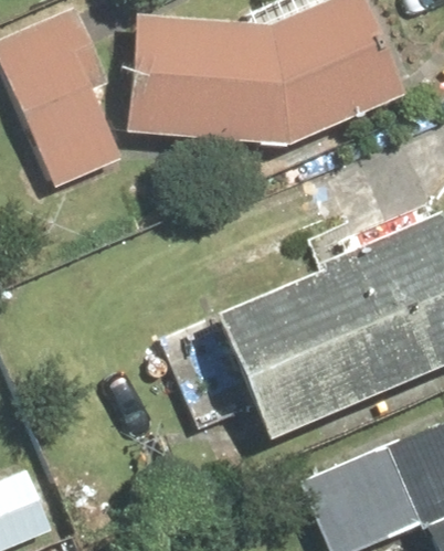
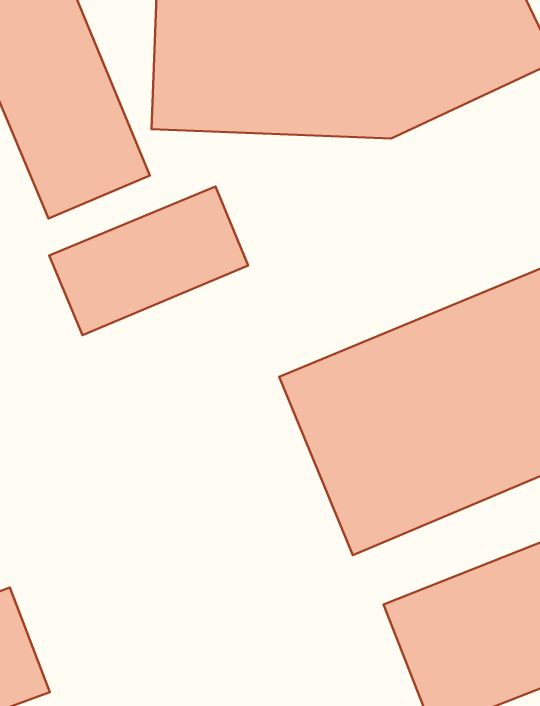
building: none -> [49,187,248,335]

